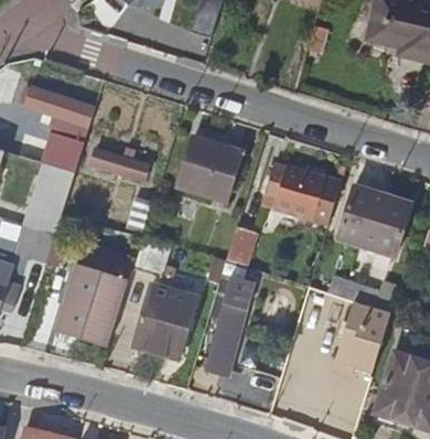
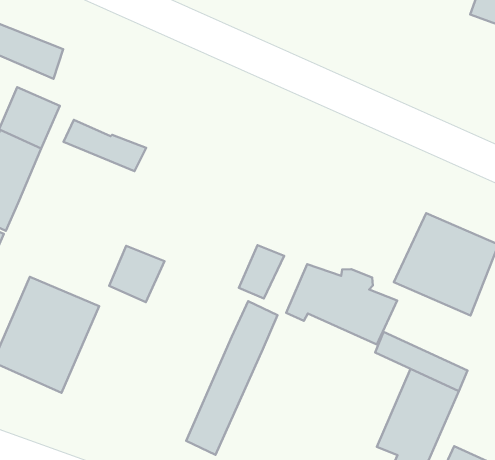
building: [175,138,239,201] -> none
building: [261,165,340,217] -> [286,264,397,344]
building: [130,283,196,358] -> none

